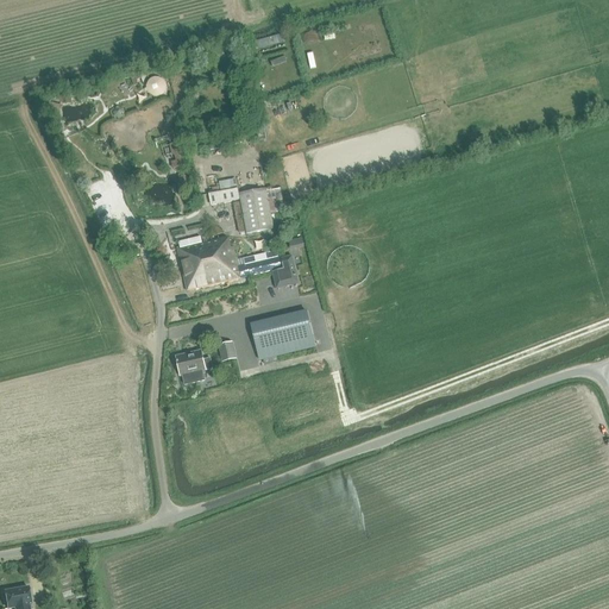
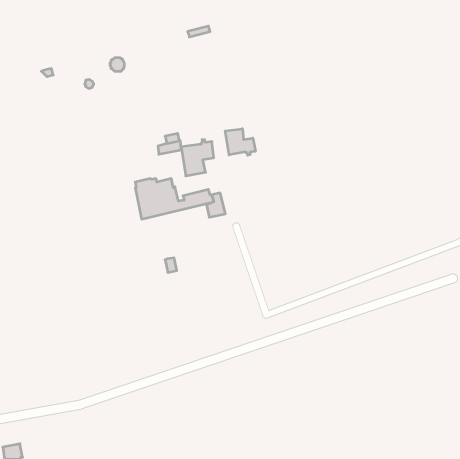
building: none -> [225,129,255,155]
building: [250,309,313,358] -> none
building: [175,350,211,383] -> none

